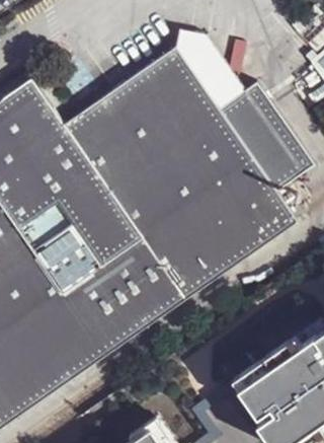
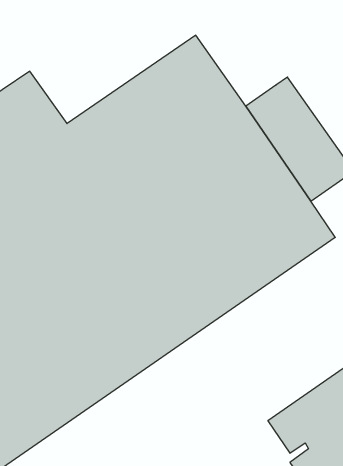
building: [176,30,246,108] -> none

